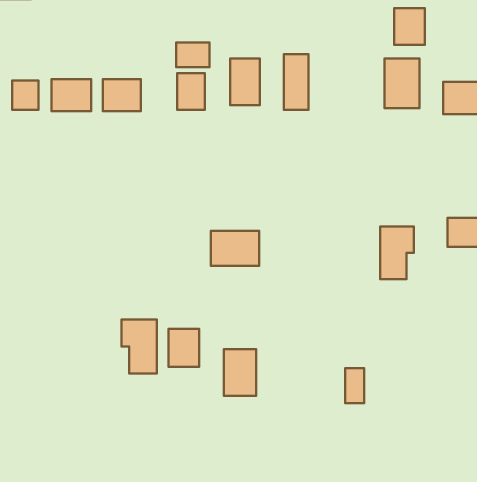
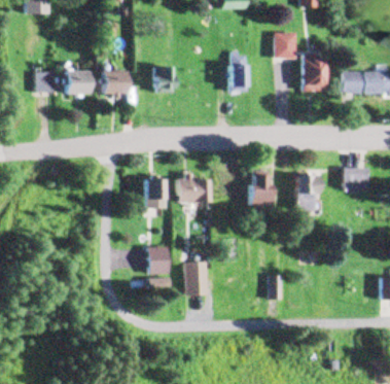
building: [394,8,425,45] -> [273,34,294,60]
building: [176,43,210,67] -> none
building: [230,59,260,105] -> none
building: none -> [250,173,271,206]
building: none -> [146,178,166,208]
building: [121,320,157,374] -> none

